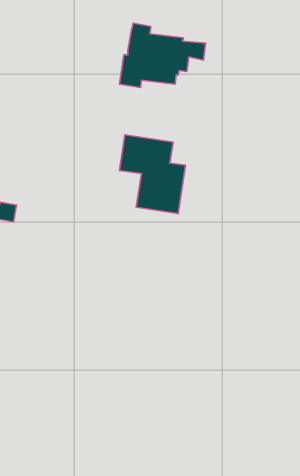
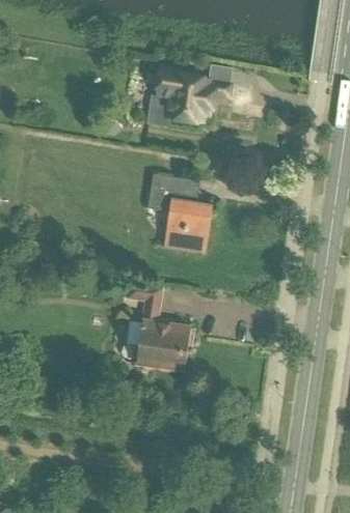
building: none -> [125,282,190,370]

